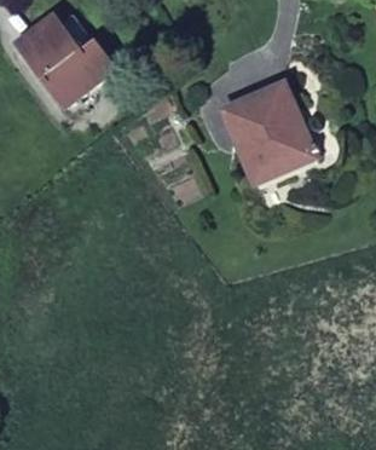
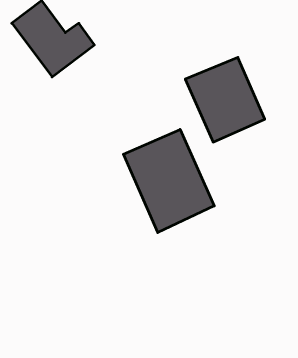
building: none -> [123,129,214,233]

